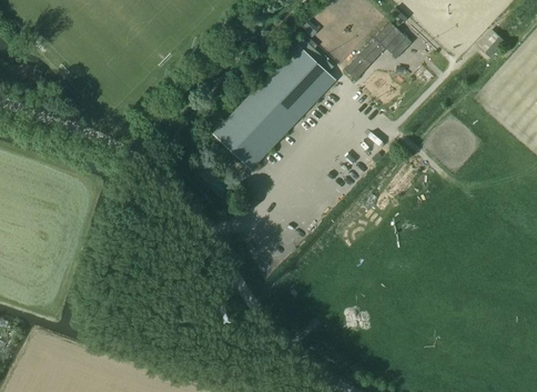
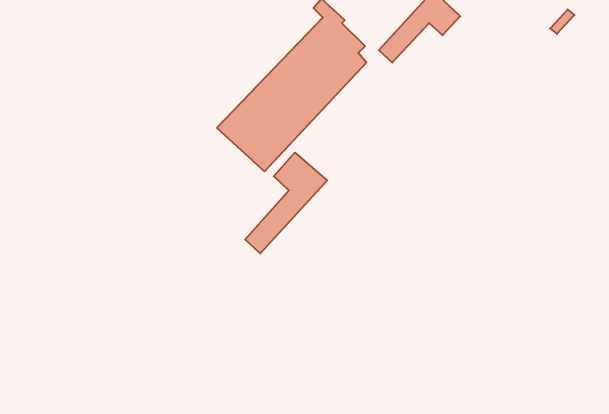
building: none -> [245,153,327,254]

